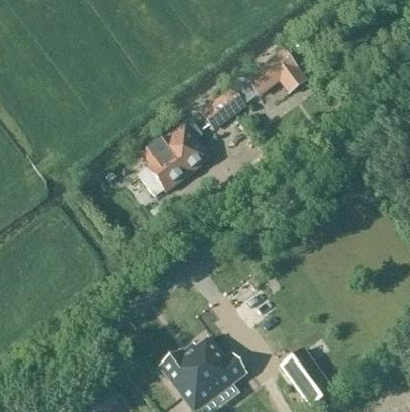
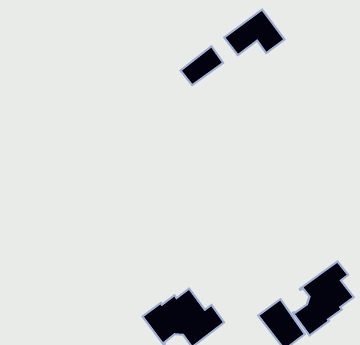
building: [140,120,203,193] -> none
building: none -> [293,261,354,336]

